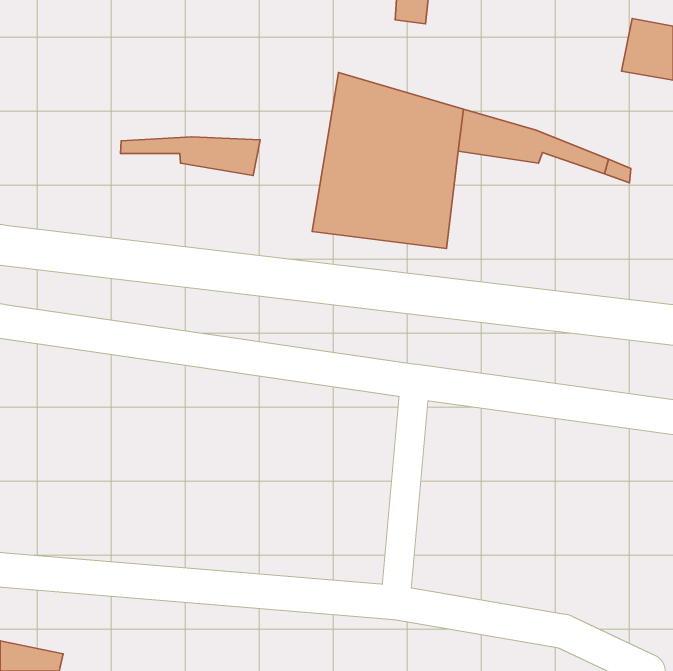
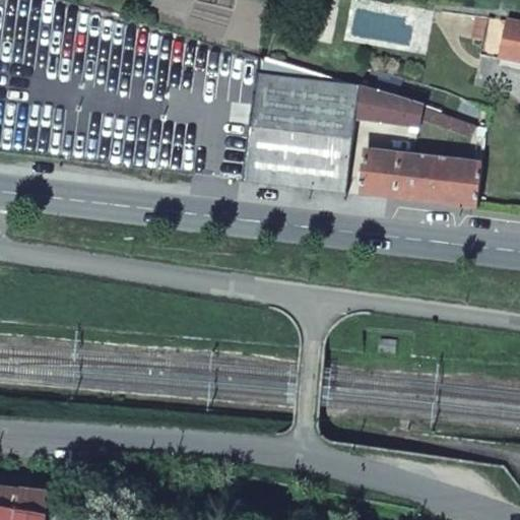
building: [120,137,260,176] -> none
building: none -> [360,150,482,207]

